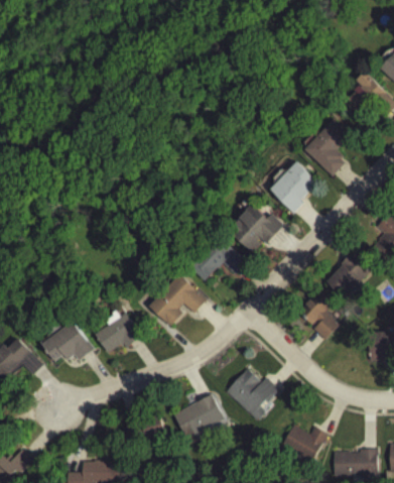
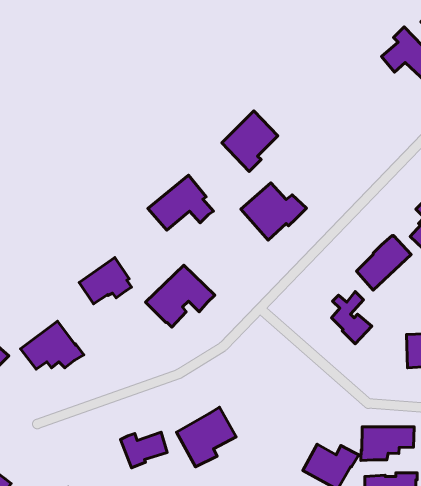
building: [304,121,349,175] -> none
building: [270,161,317,213] -> [222,111,278,172]
building: [188,234,244,280] -> [148,175,213,230]
building: [96,313,140,352] -> [79,257,132,304]
building: [226,368,279,419] -> none
building: none -> [361,427,414,461]

